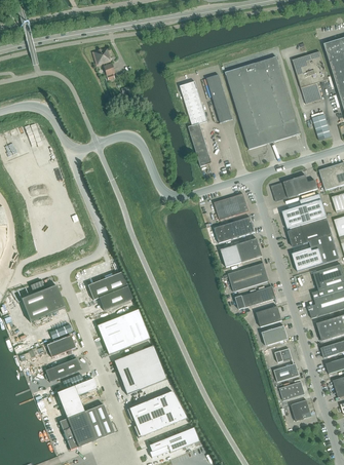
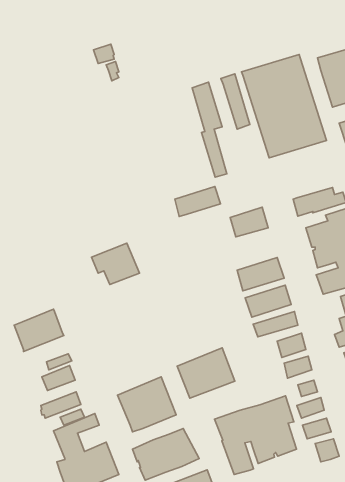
building: [214,216,255,242] -> [175,187,221,216]
building: [86,272,129,309] -> [91,243,140,285]
building: [95,312,147,357] -> [177,348,235,398]
building: none -> [215,396,297,475]

